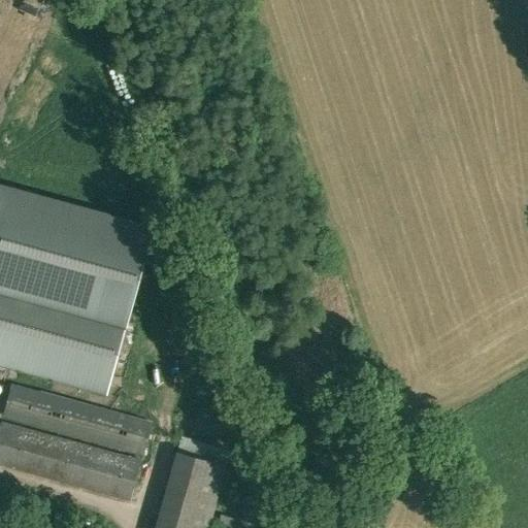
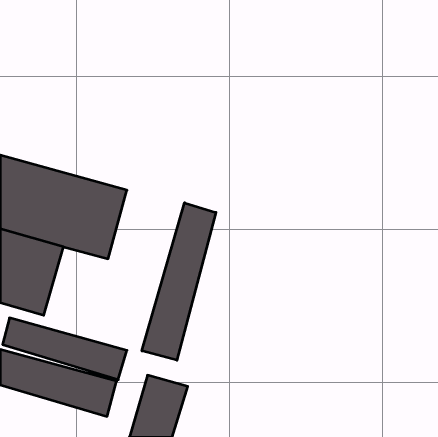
building: none -> [142,203,216,360]
building: [53,297,130,394] -> none

